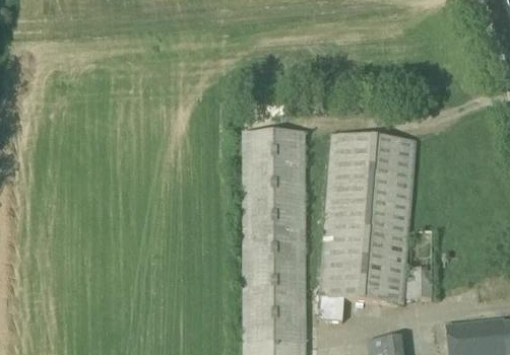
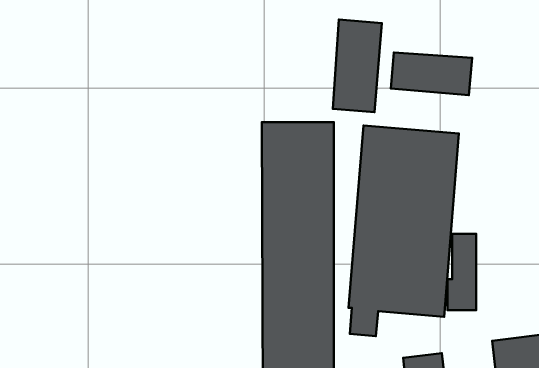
building: none -> [333,20,382,112]
building: none -> [391,52,472,95]

